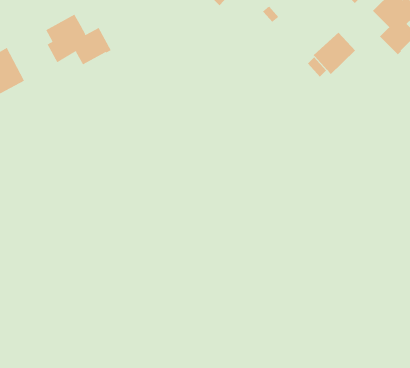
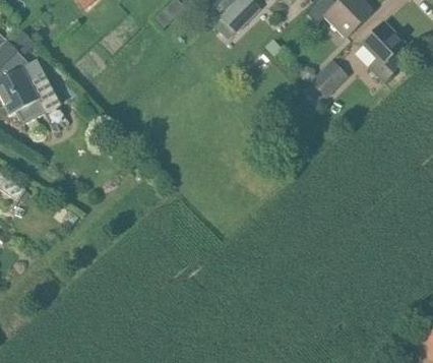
building: [45,14,112,65] -> none

